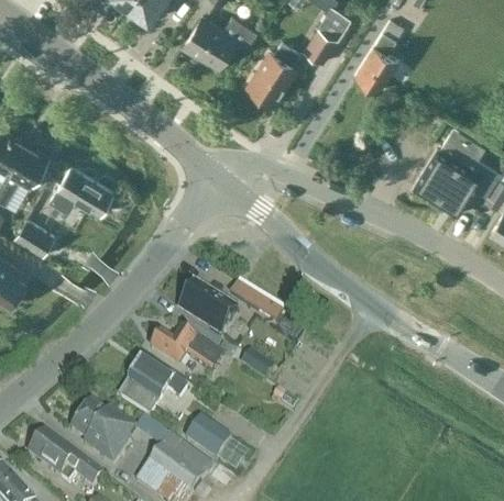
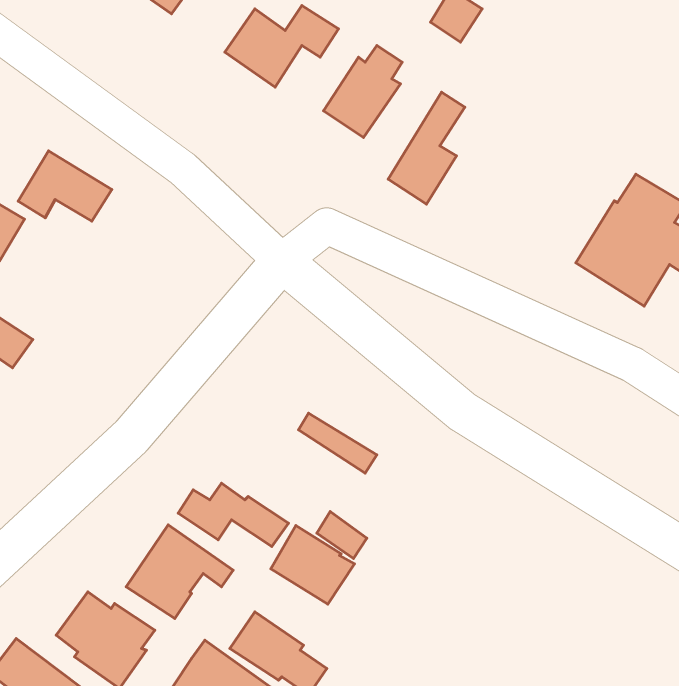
building: [354,20,405,93] -> [388,92,465,204]
building: [304,27,340,64] -> none
building: [53,165,114,211] -> [18,151,112,221]
building: [180,282,235,334] -> [271,526,354,604]

